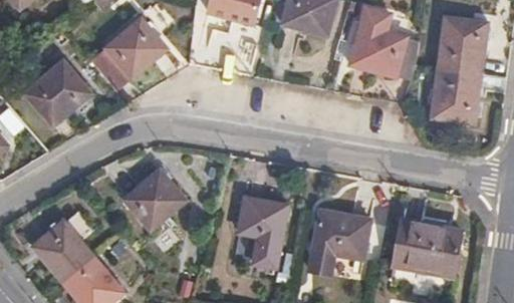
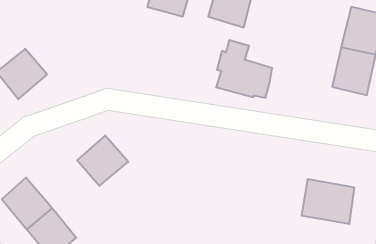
building: [347,9,416,79] -> [216,40,272,98]
building: [88,16,166,92] -> none
building: [237,199,285,266] -> none
building: [308,212,368,275] -> none

